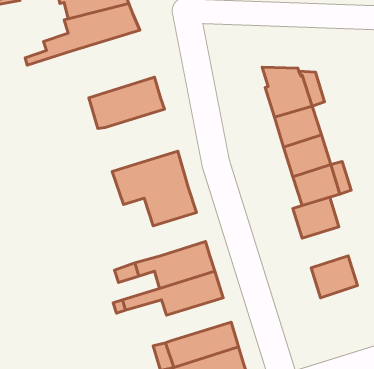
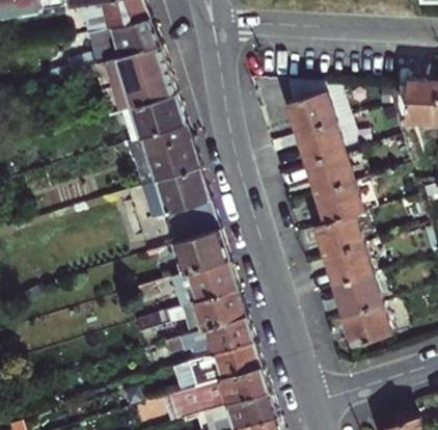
building: none -> [92,45,174,113]
building: none -> [125,125,198,186]
building: none -> [172,230,226,273]
building: none -> [324,244,371,286]
building: none -> [343,303,389,346]
building: none -> [163,316,252,359]

